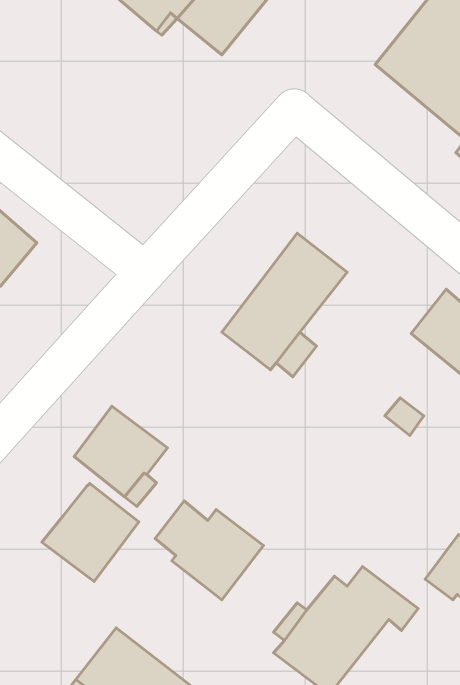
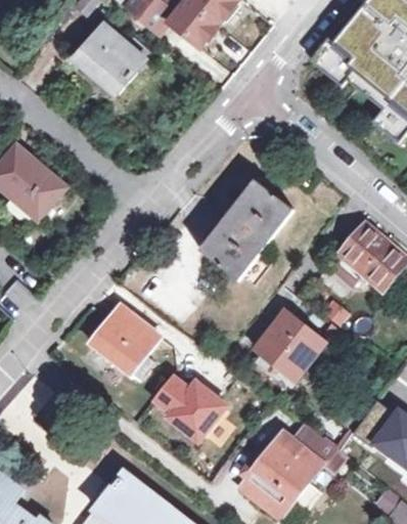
building: none -> [73,23,145,95]
building: none -> [254,311,323,380]
building: [42,483,139,581] -> none

